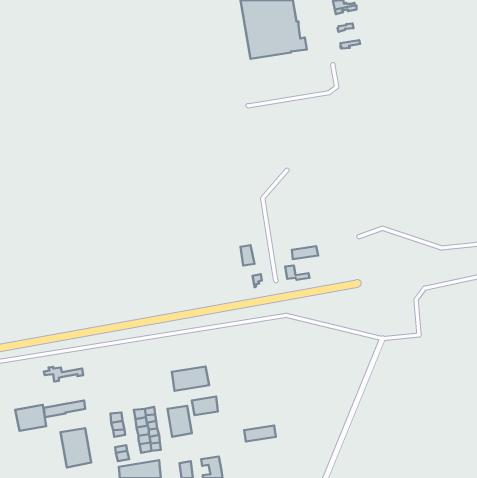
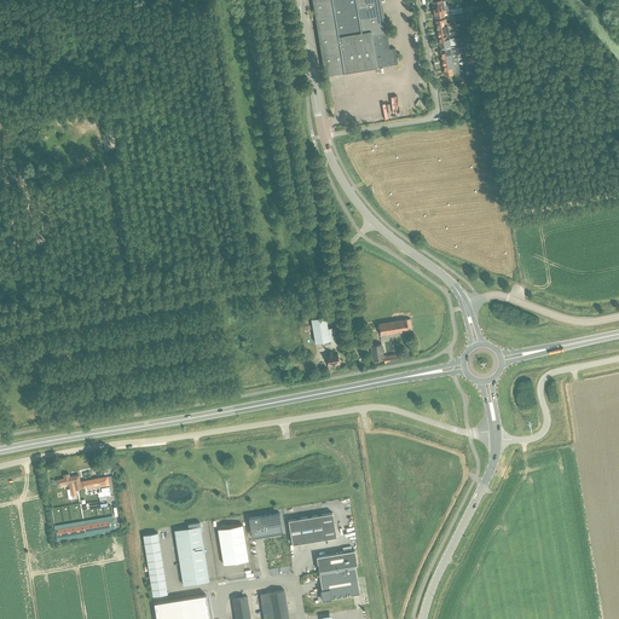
building: [172,366,209,391] -> [288,513,336,544]
building: [15,405,46,431] -> none
building: [61,428,91,467] -> none
building: none -> [318,567,359,601]

